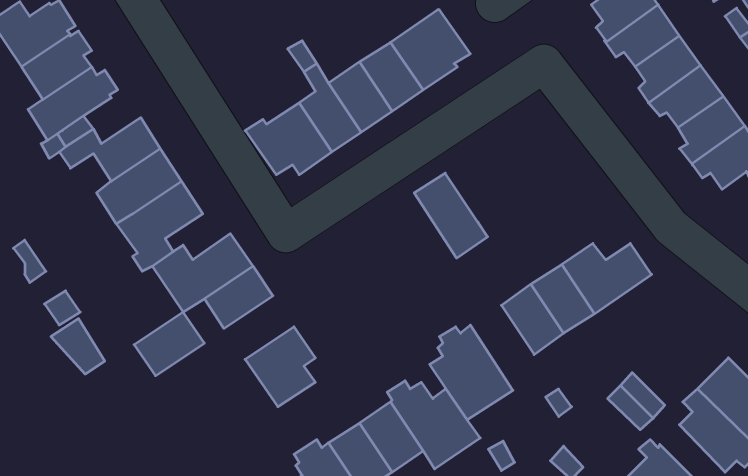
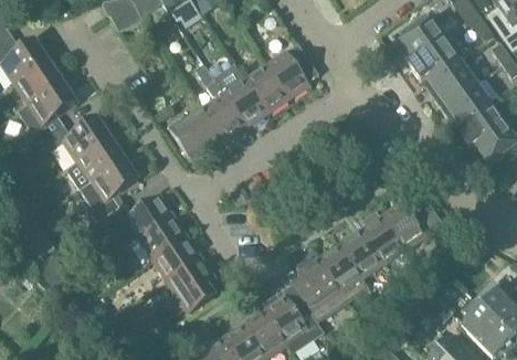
building: [414,173,488,258] -> [319,243,369,300]
building: [134,312,204,376] -> [152,236,200,279]

